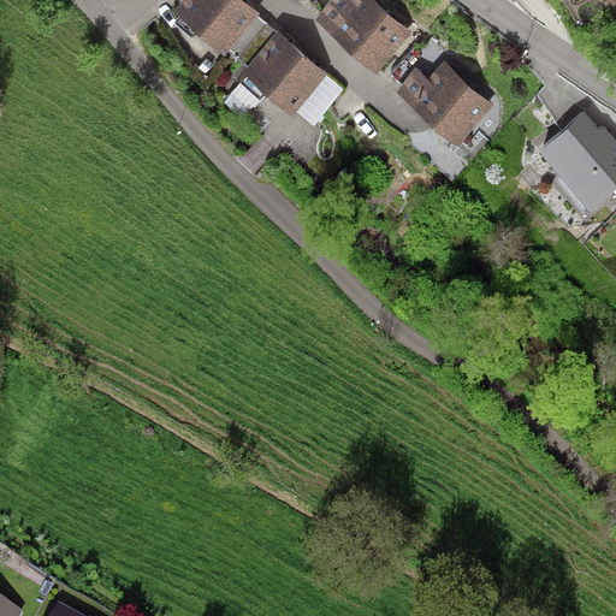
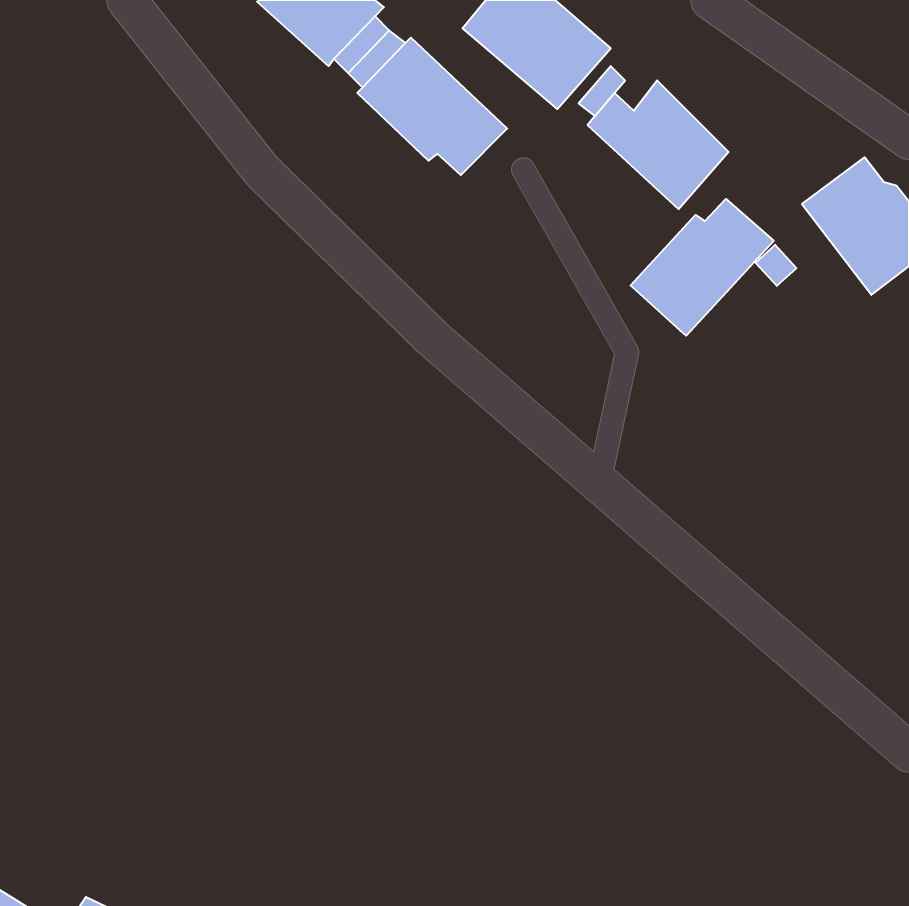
building: none -> [631,199,774,336]

